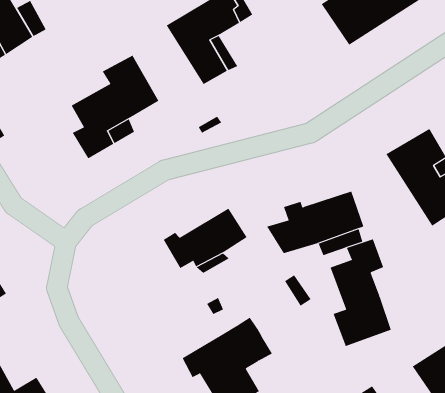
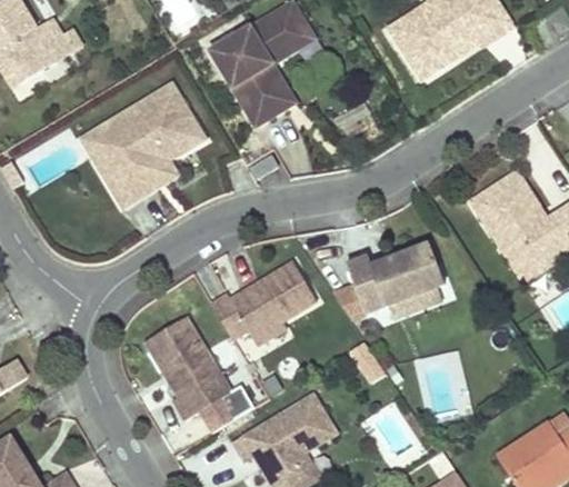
building: none -> [78,103,144,176]
building: [330,239,392,347] -> none
building: none -> [146,308,252,428]

